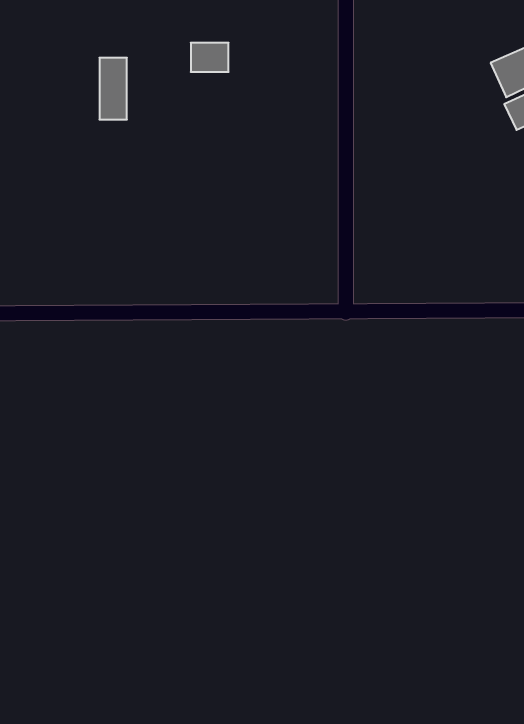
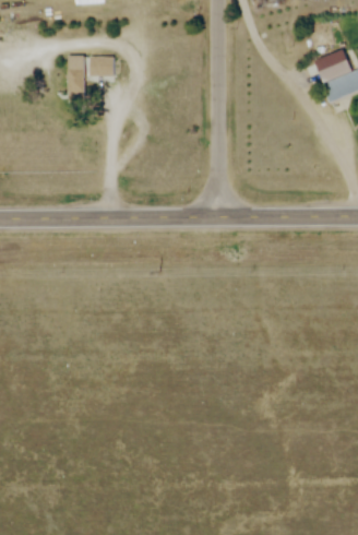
building: [191,43,229,72] -> [90,58,114,76]

